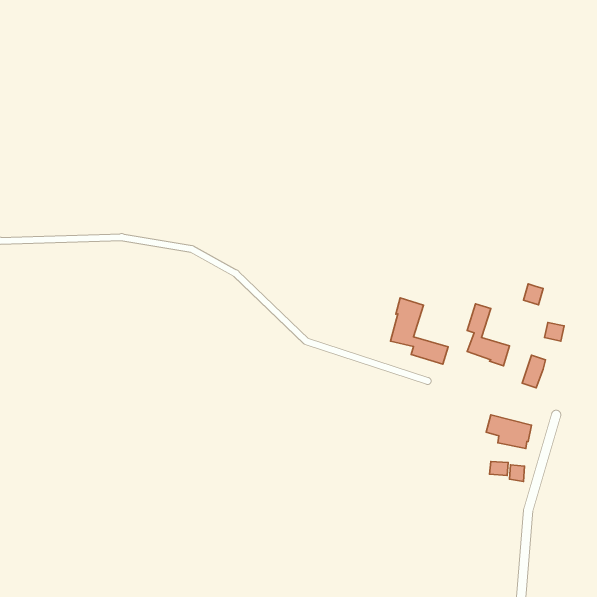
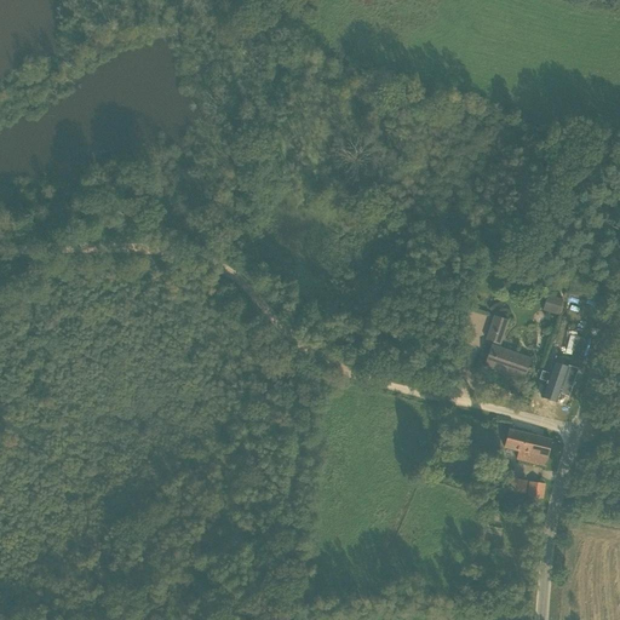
building: [391,298,448,364] -> none

